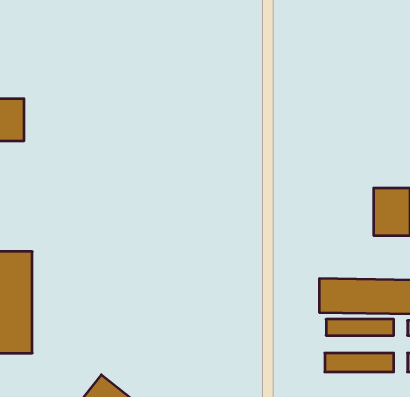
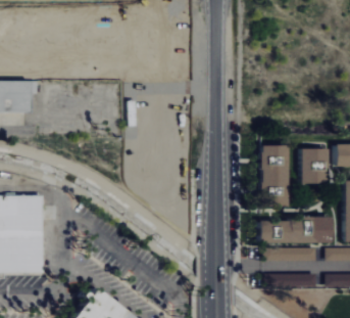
building: none -> [260,144,289,207]

